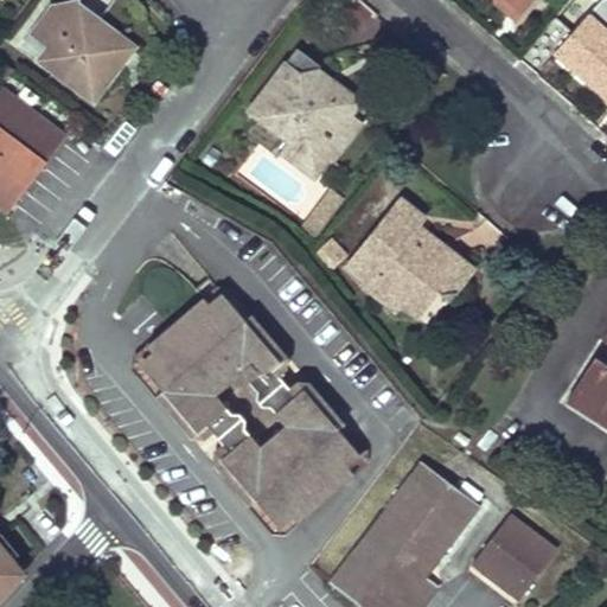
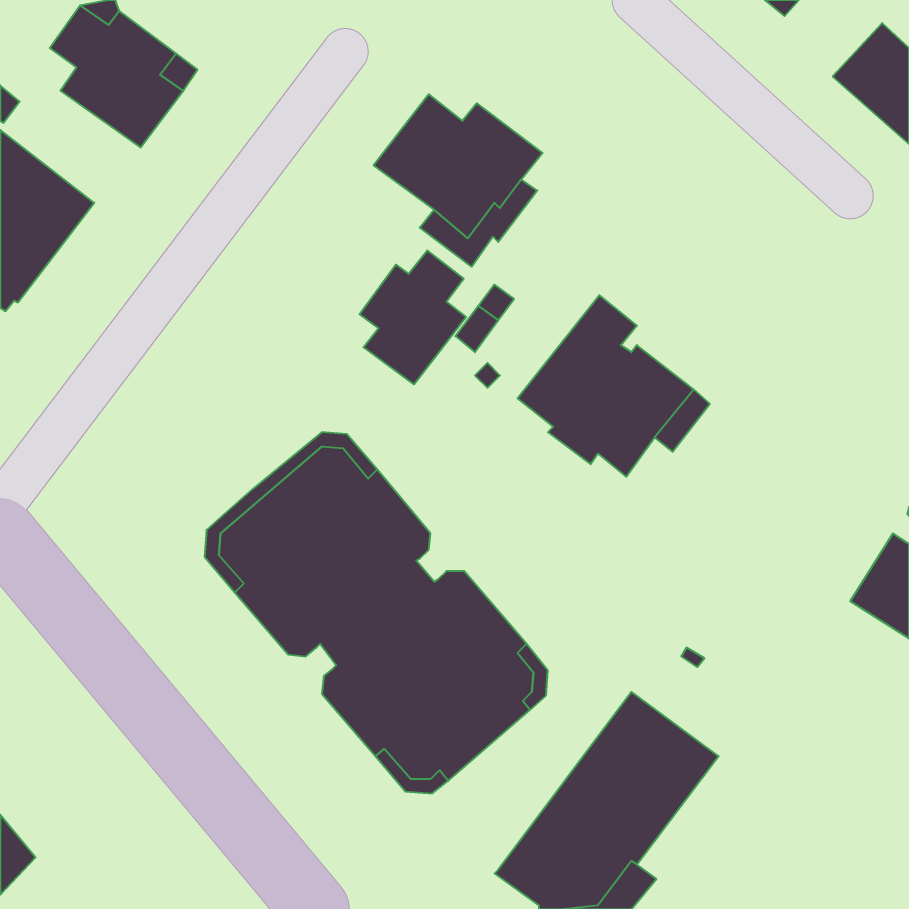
building: none -> [360,250,466,384]
building: [473,515,556,598] -> none

